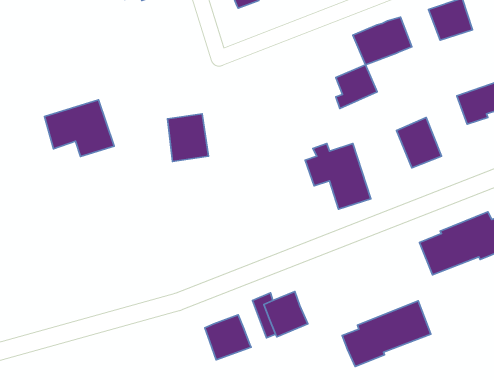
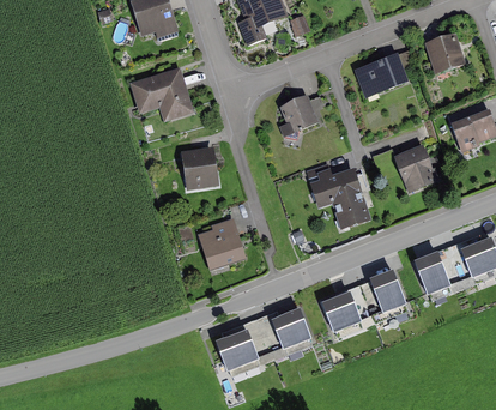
building: [336,65,377,109] -> [279,96,317,137]
building: [45,100,114,157] -> [129,68,194,121]
building: none -> [198,213,246,265]
building: none -> [222,315,273,356]
building: [342,301,431,366] -> [321,270,404,331]

